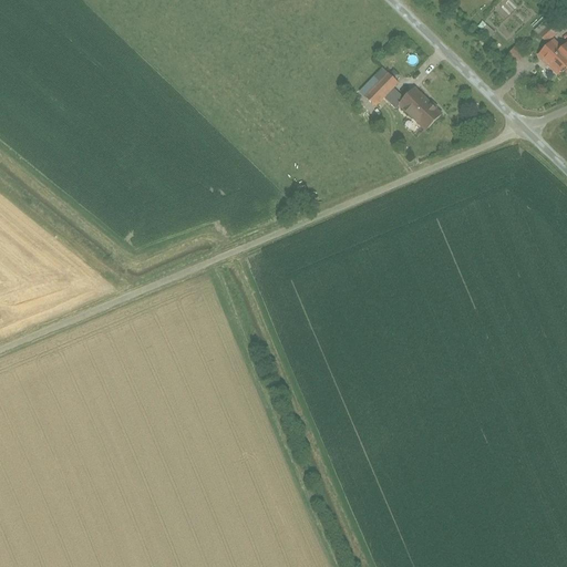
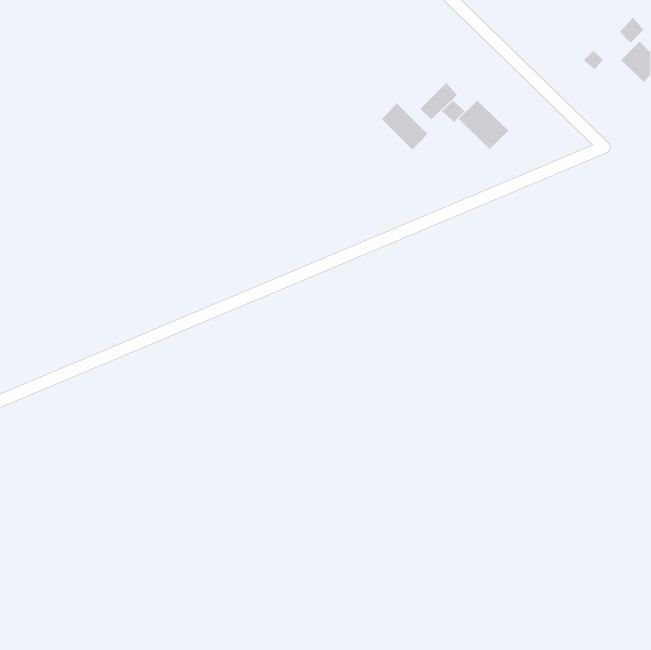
building: none -> [381,103,428,150]

